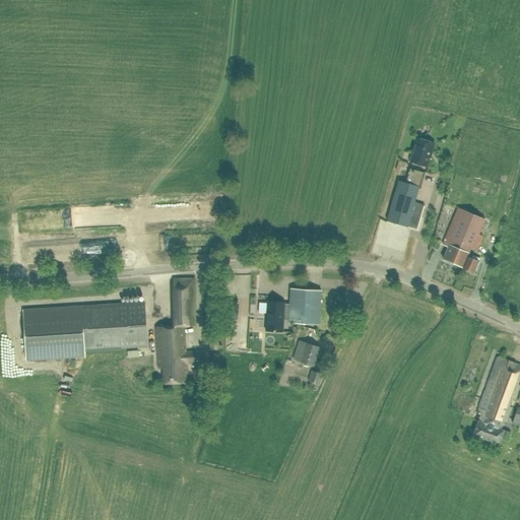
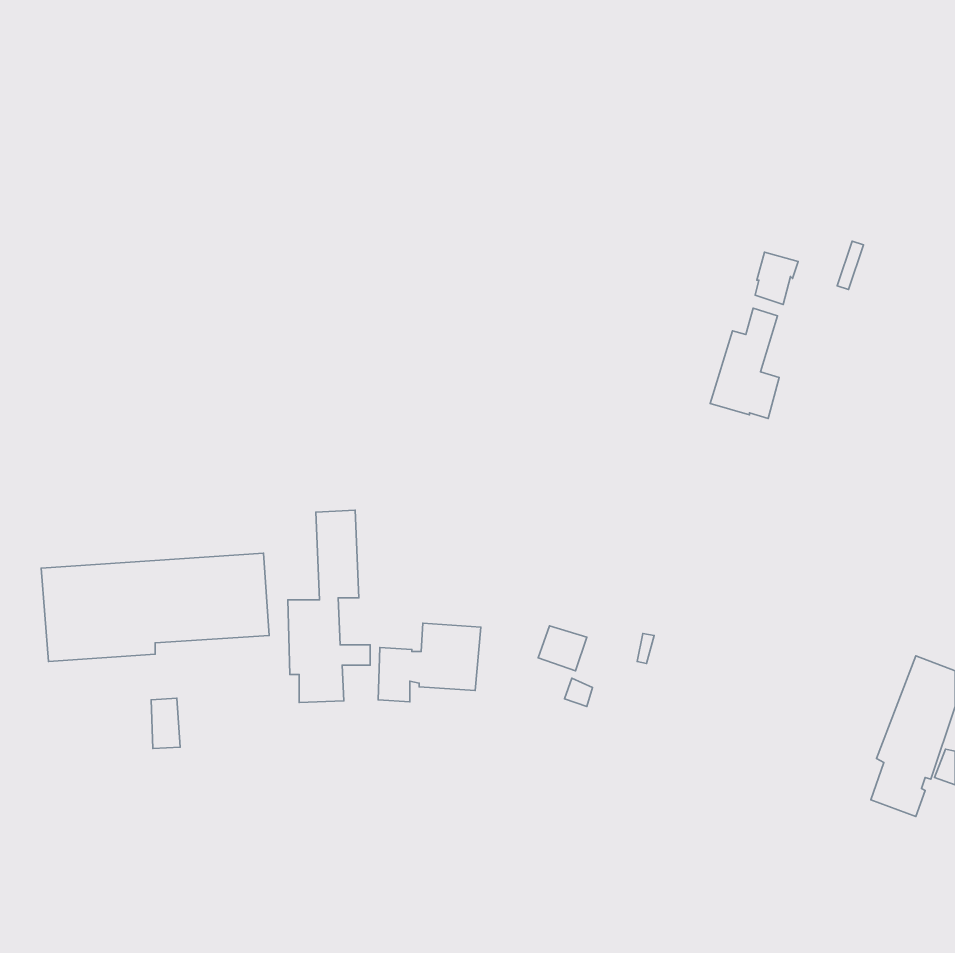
building: [442,206,484,271] -> none
building: [265,287,321,330] -> [378,623,481,702]
building: none -> [151,698,180,748]

